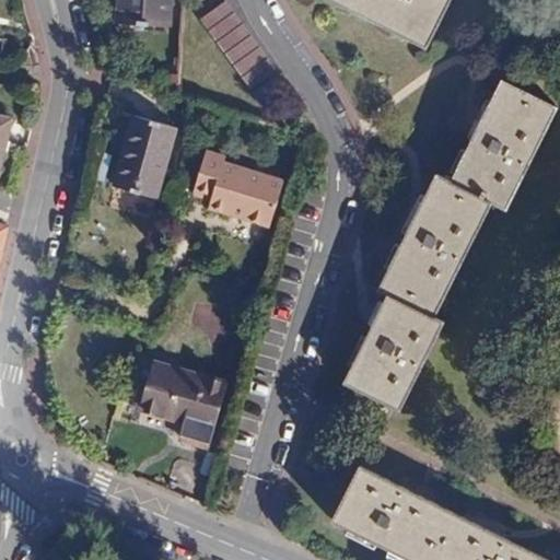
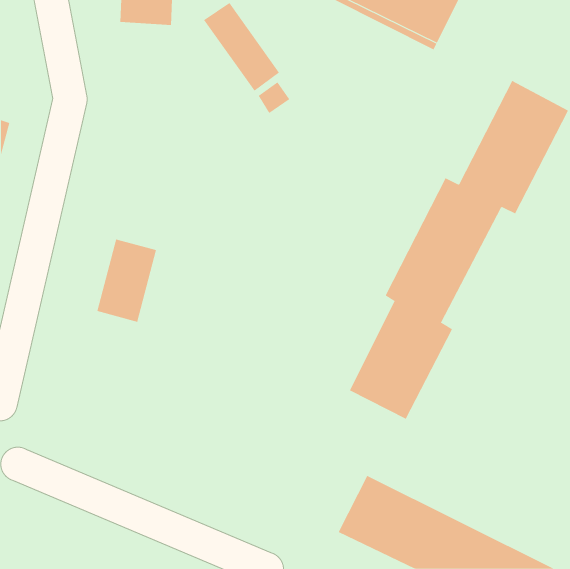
building: [116,115,175,197] -> [96,239,157,322]
building: [191,147,284,222] -> none
building: [140,362,225,447] -> none

